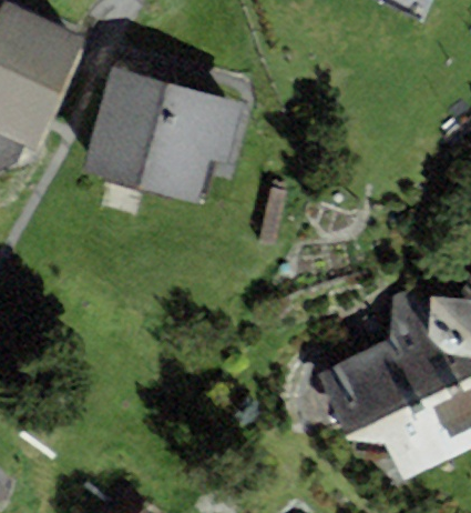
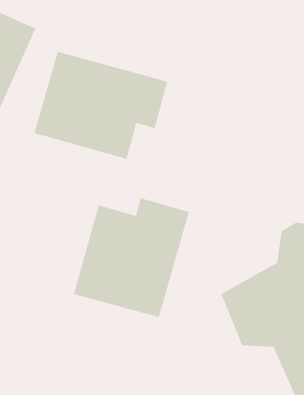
building: none -> [73,198,190,318]

